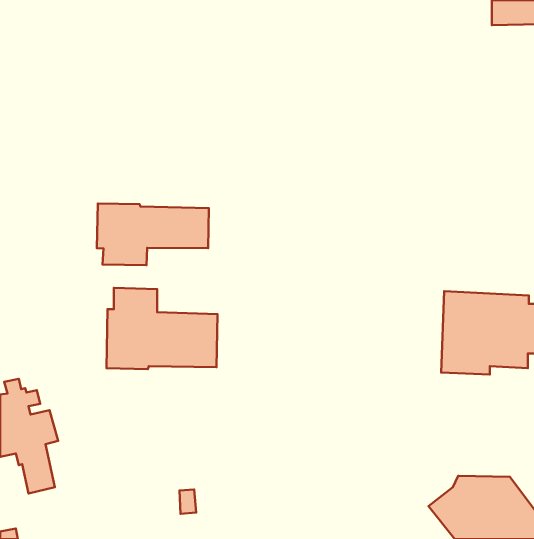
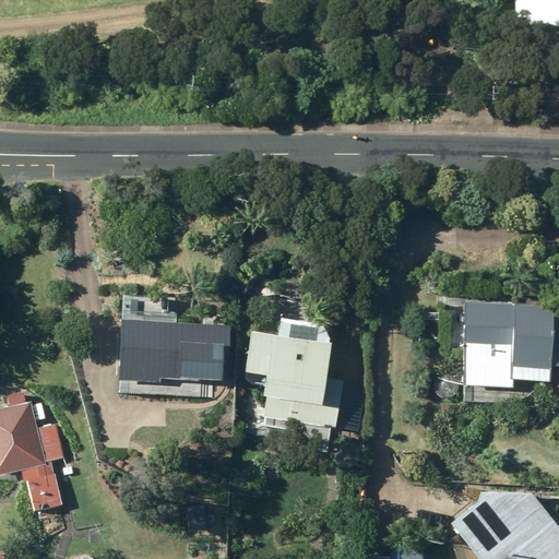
building: [97,203,209,265] -> none
building: none -> [245,323,342,428]

